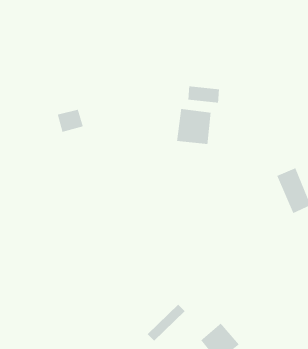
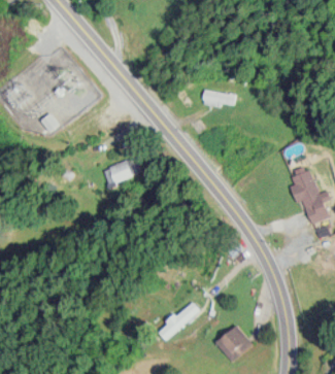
building: [176,108,211,145] -> none
building: [57,109,84,133] -> [106,162,133,185]

